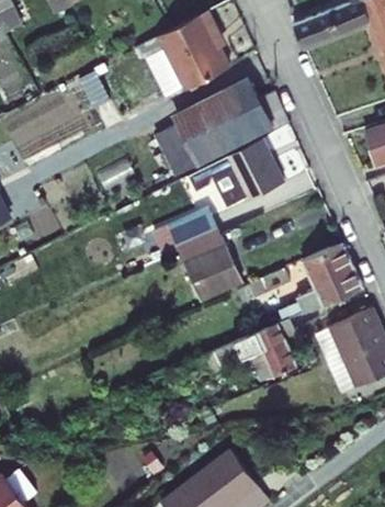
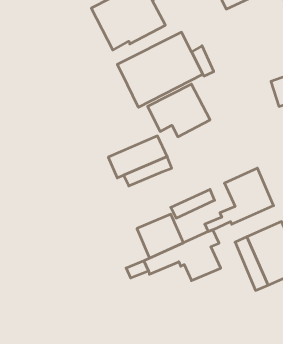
building: [157,125,196,176] -> none
building: [185,246,242,300] -> [137,214,183,258]

